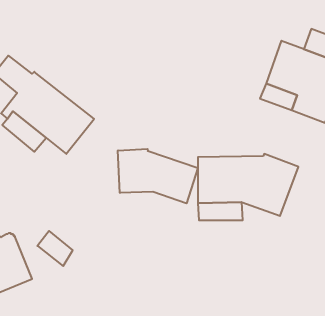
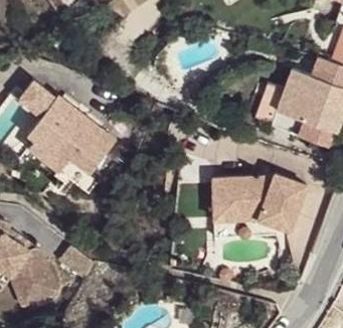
building: [118,149,198,203] -> none

